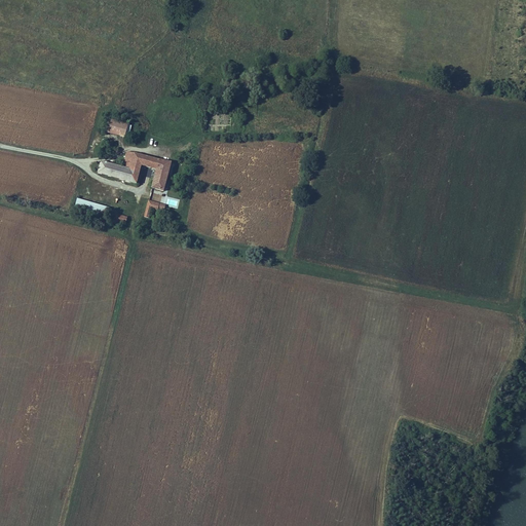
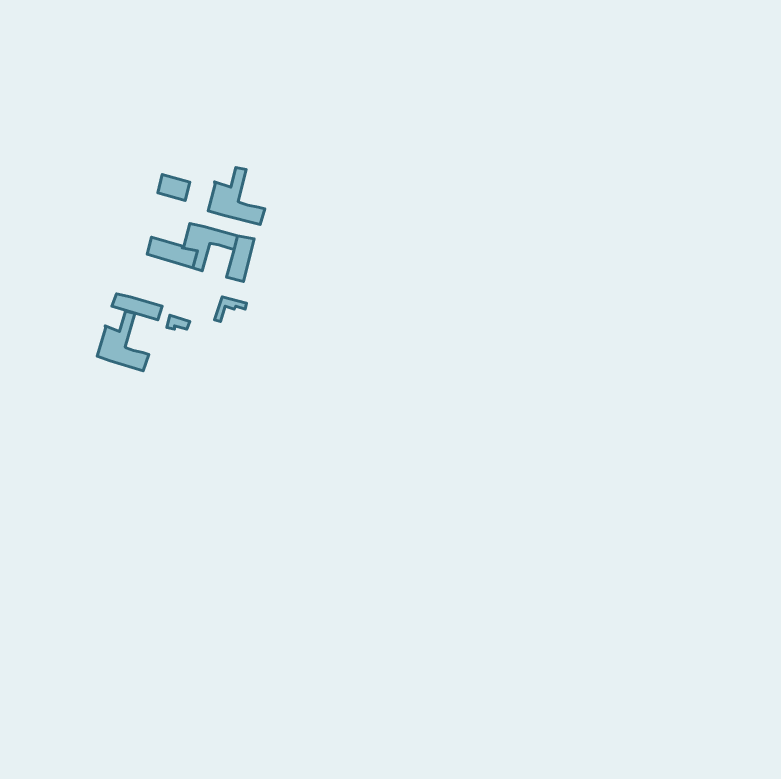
building: none -> [208,168,265,225]
building: none -> [97,311,149,371]

